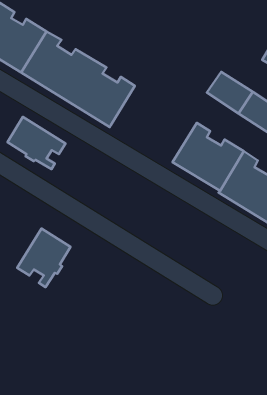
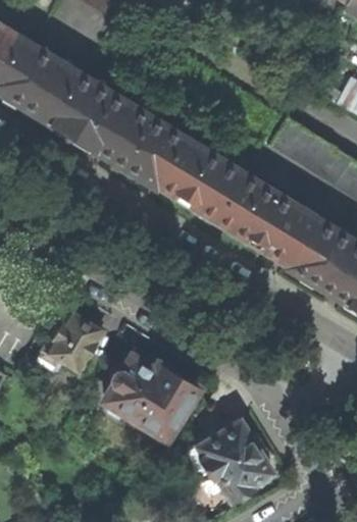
building: none -> [153,136,258,228]
building: [8,117,66,169] -> none
building: none -> [106,347,200,441]
building: none -> [195,419,272,504]

